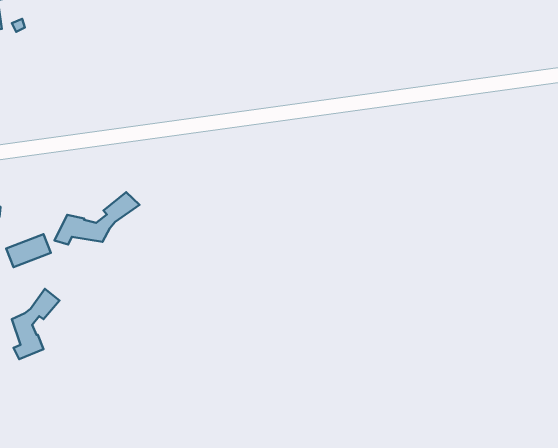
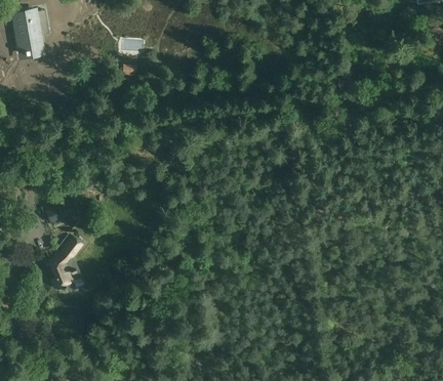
building: [55,192,139,244] -> none

